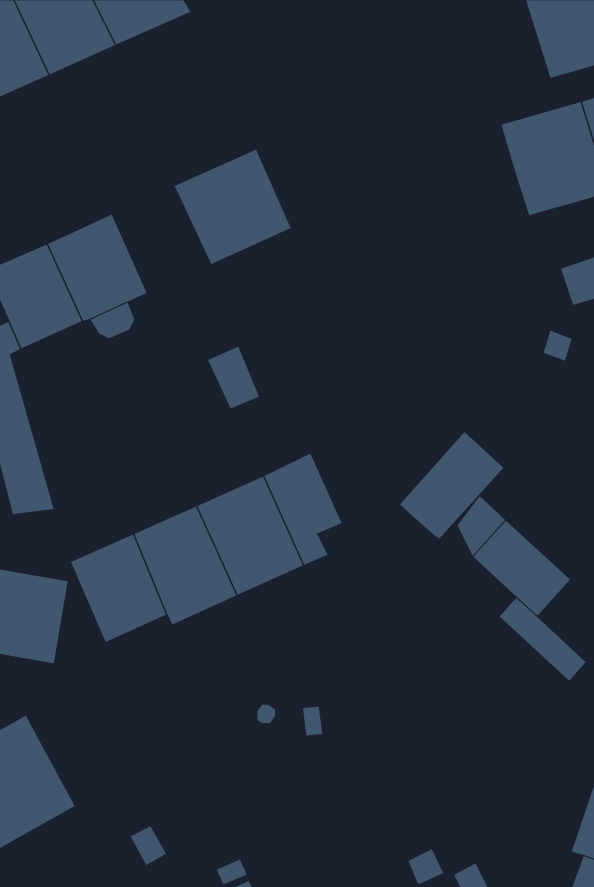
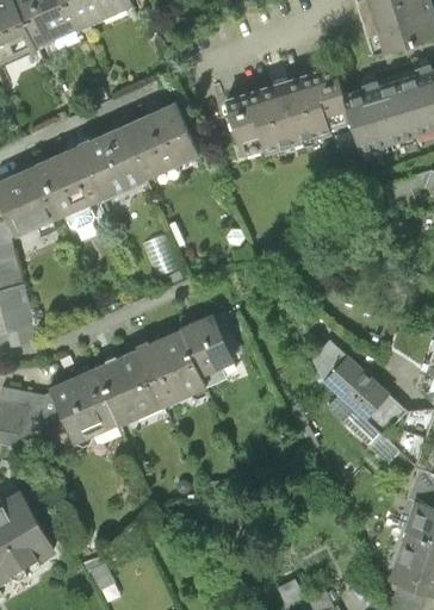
building: none -> [227,66,352,150]
building: none -> [79,129,145,201]
building: [399,431,504,539] -> none

